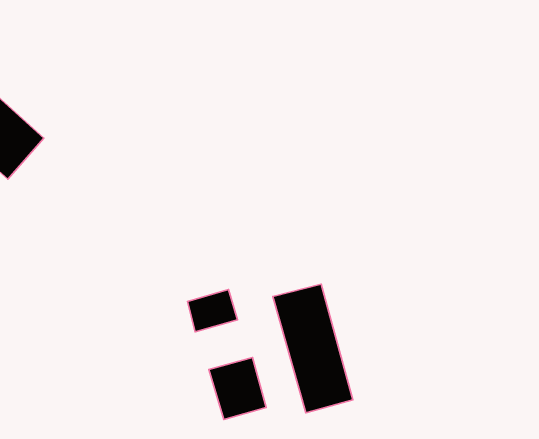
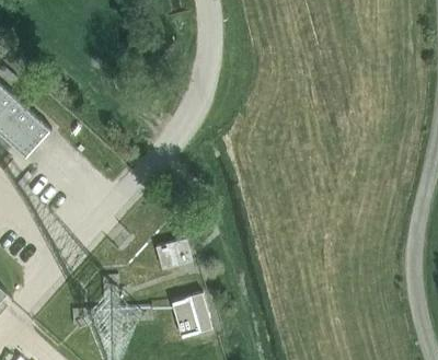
building: [273,284,353,413] -> none

